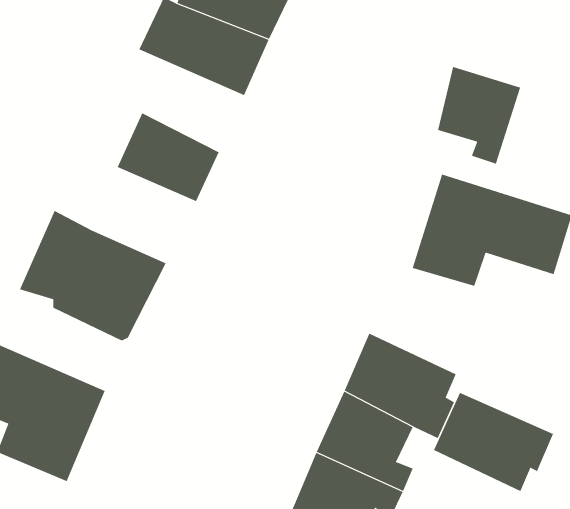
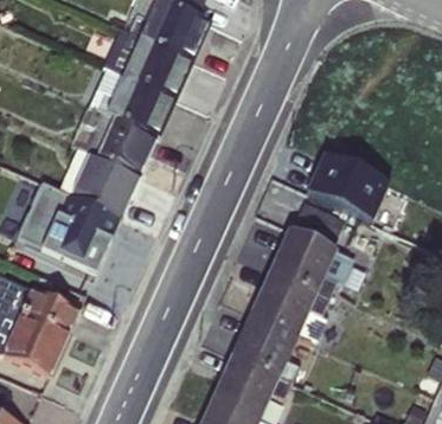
building: none -> [84,66,177,140]
building: [438,66,521,165] -> none
building: none -> [68,150,142,219]
building: [433,392,554,492] -> [265,227,352,298]

